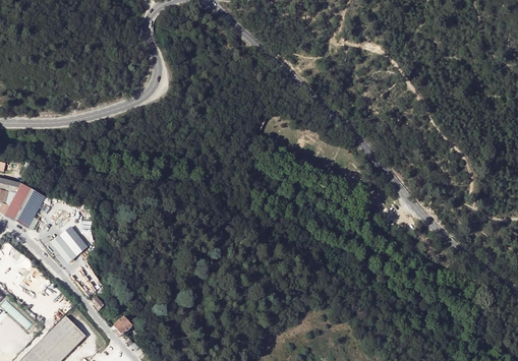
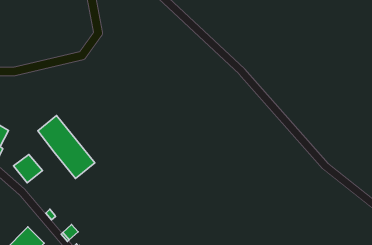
building: none -> [38,115,95,178]

